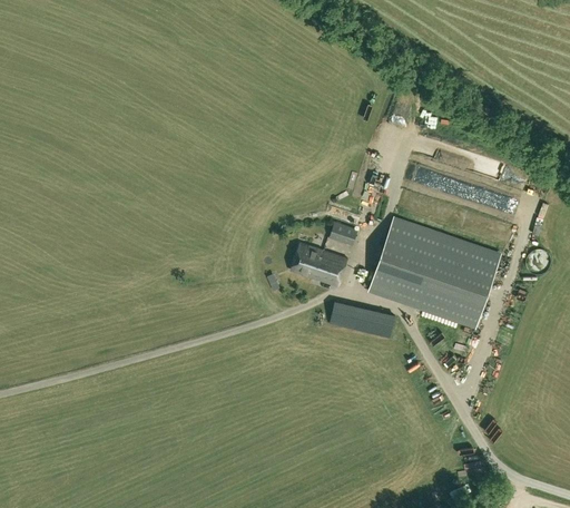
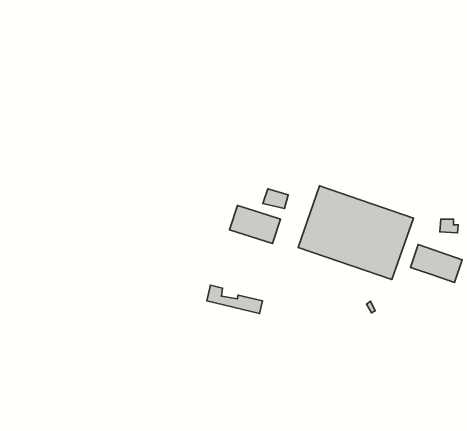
building: none -> [410,245,462,282]
building: [332,307,395,340] -> [207,285,262,314]

